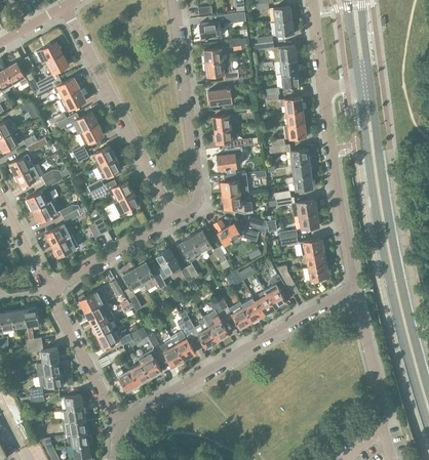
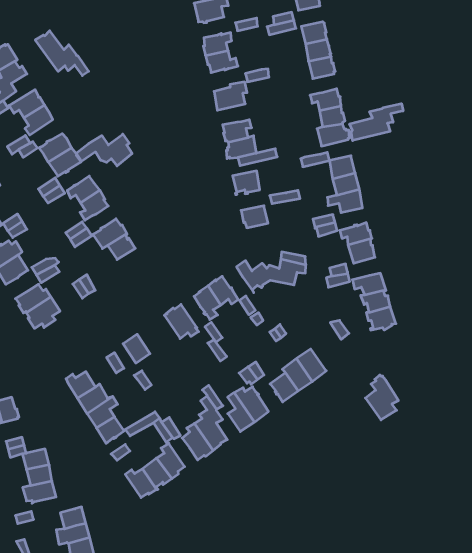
building: none -> [35,31,89,76]
building: none -> [350,104,403,141]
building: none -> [76,134,132,166]
building: [222,194,252,214] -> none
building: [134,260,169,294] -> none
building: [264,275,288,308] -> [365,375,398,420]

